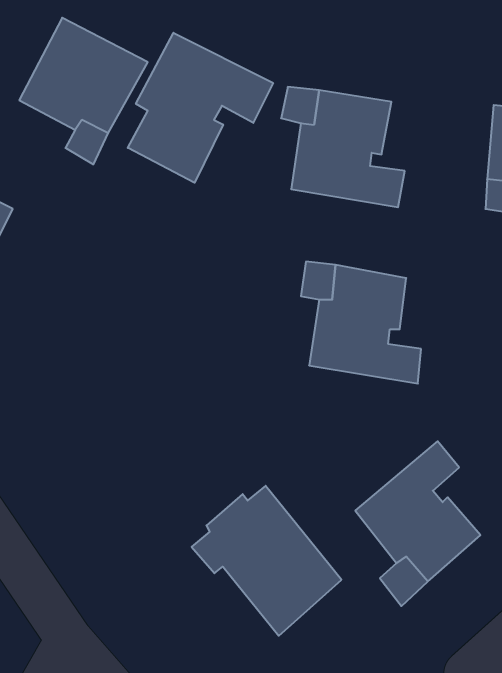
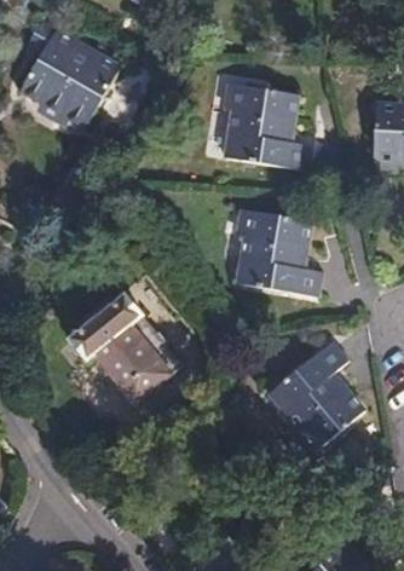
building: [128,33,273,183] -> none
building: [192,486,341,636] -> [71,293,181,403]

